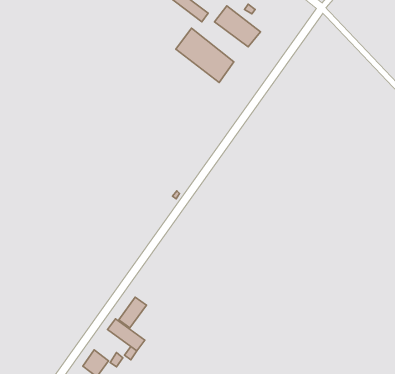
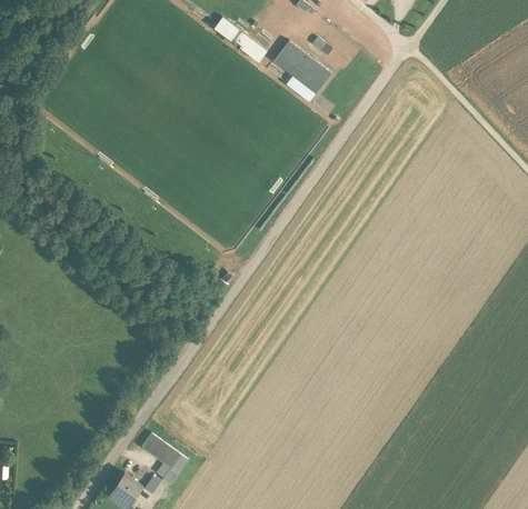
building: [176,28,234,82] -> none
building: [119,297,146,328] -> none

